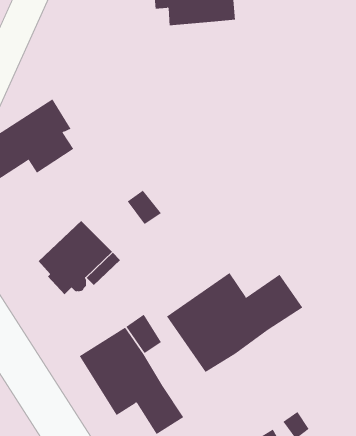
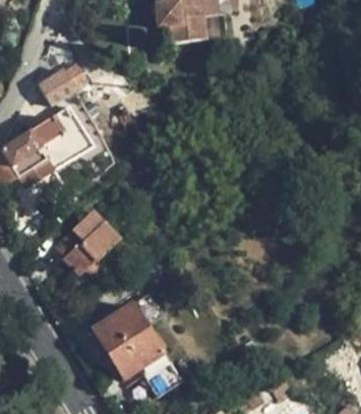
building: none -> [40,62,87,106]
building: [166,272,303,373] -> none

